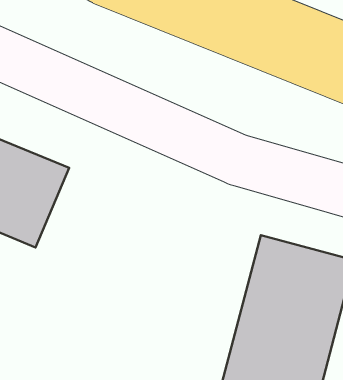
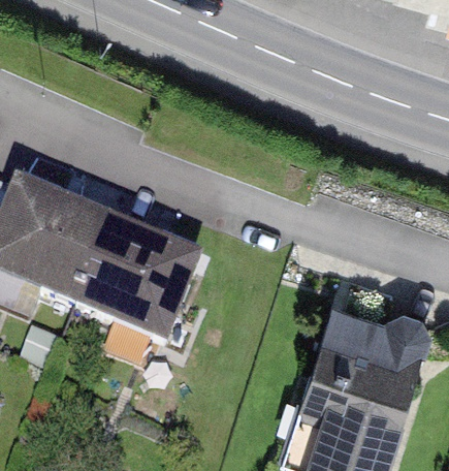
building: none -> [62,218,198,351]

